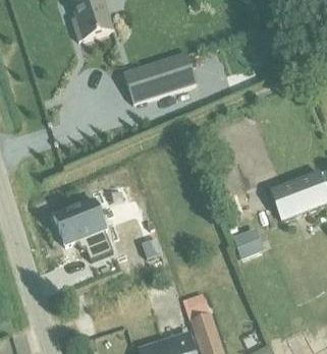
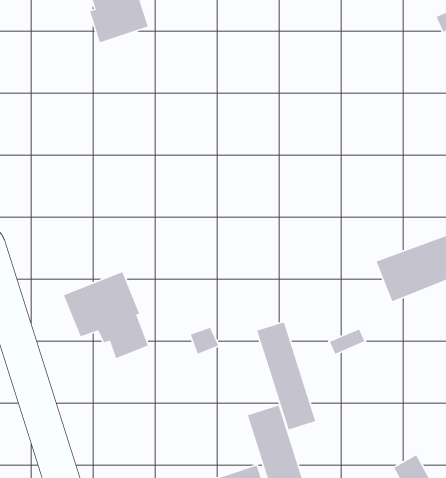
building: [123,51,197,103] -> none
building: none -> [256,321,316,430]

